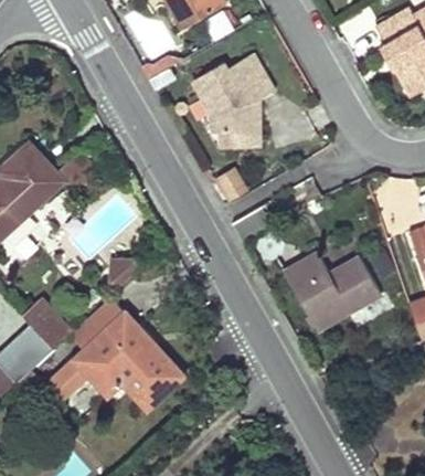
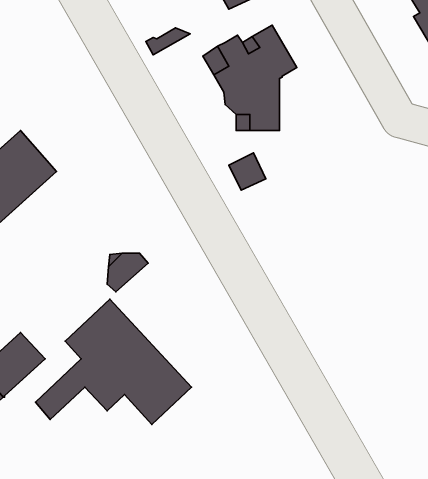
building: [281,251,381,330] -> none
building: [21,300,70,349] -> none

